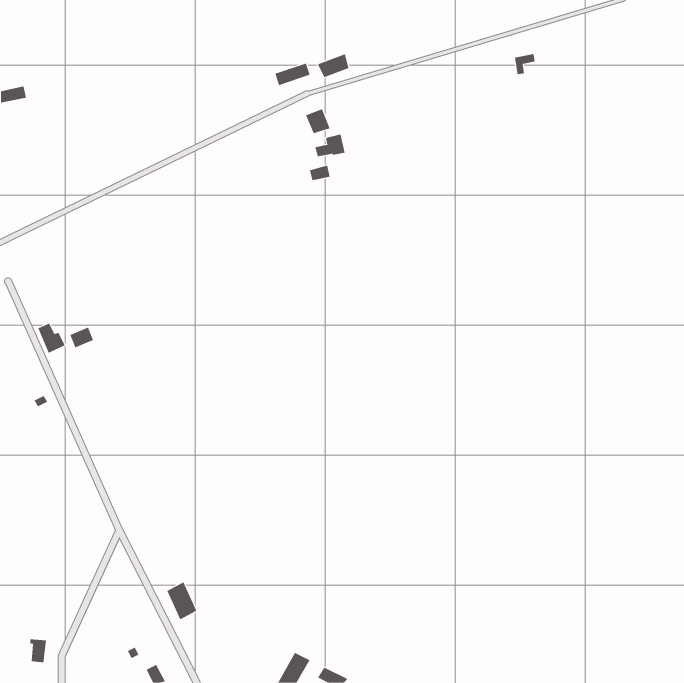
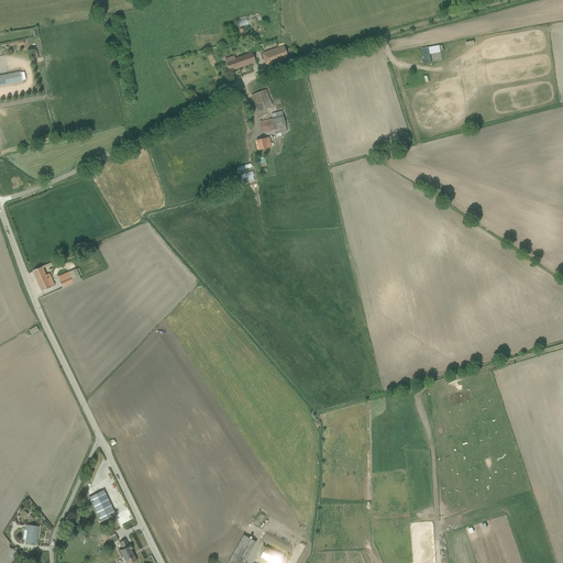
building: [166,581,197,620] -> [89,489,114,521]

